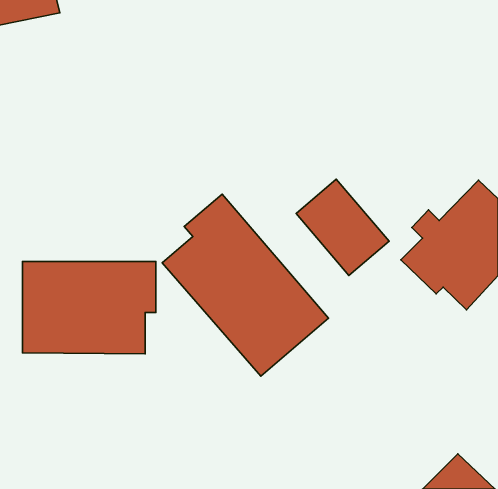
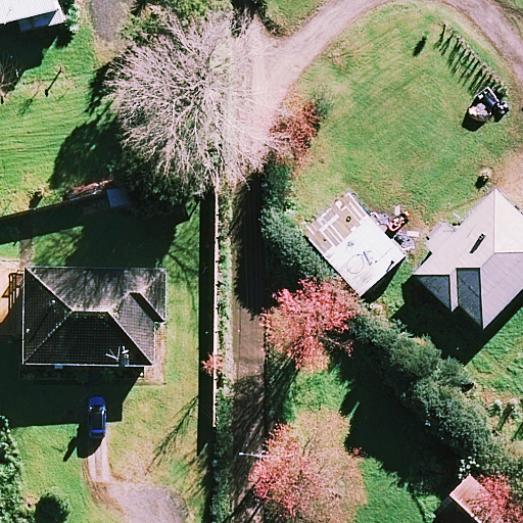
building: [162,194,328,376] -> none

